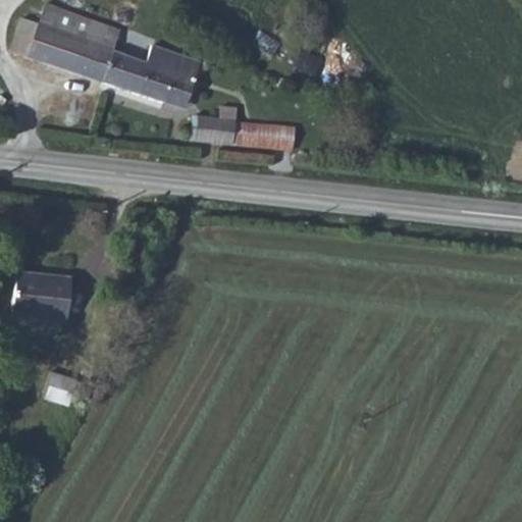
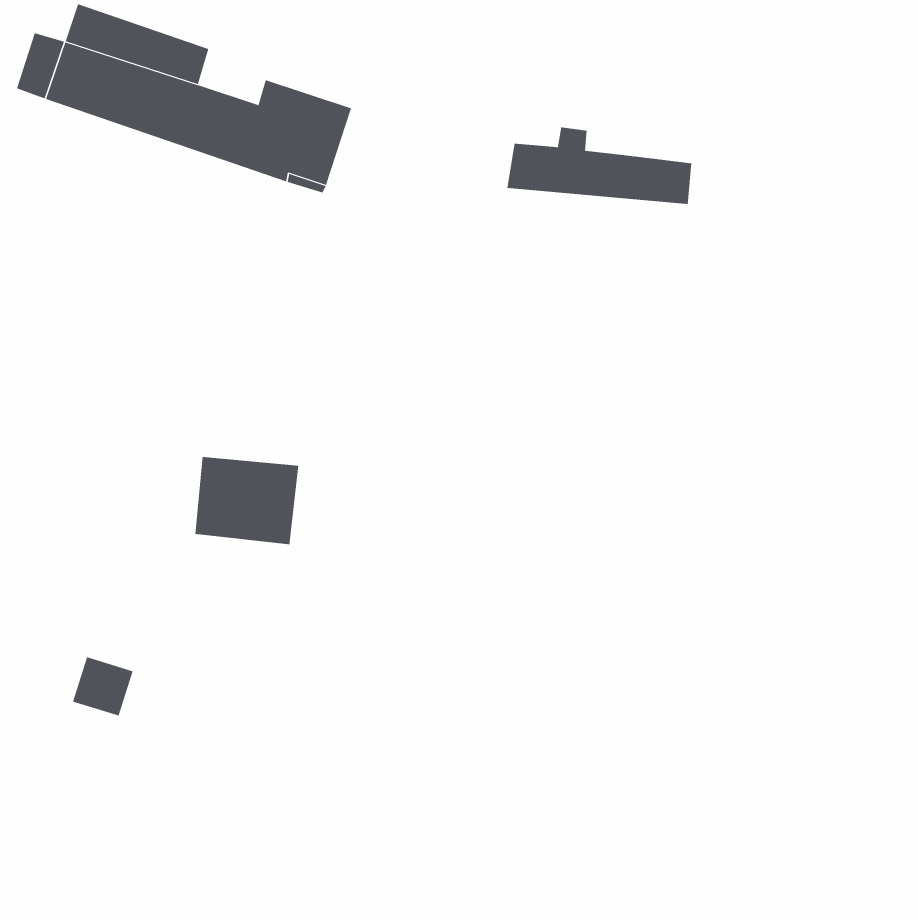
building: [191,106,296,150] -> [507,127,692,205]
building: [12,272,71,322] -> [195,457,299,545]

